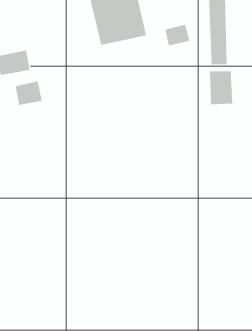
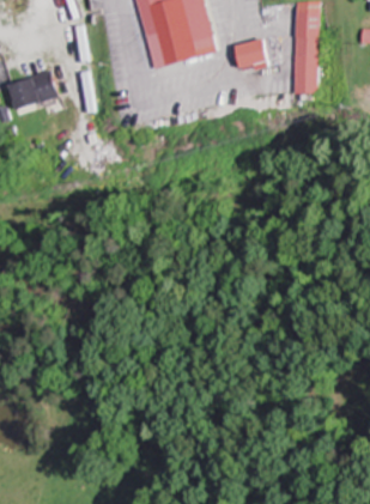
building: [209,70,233,105] -> none
building: [15,80,42,106] -> none

